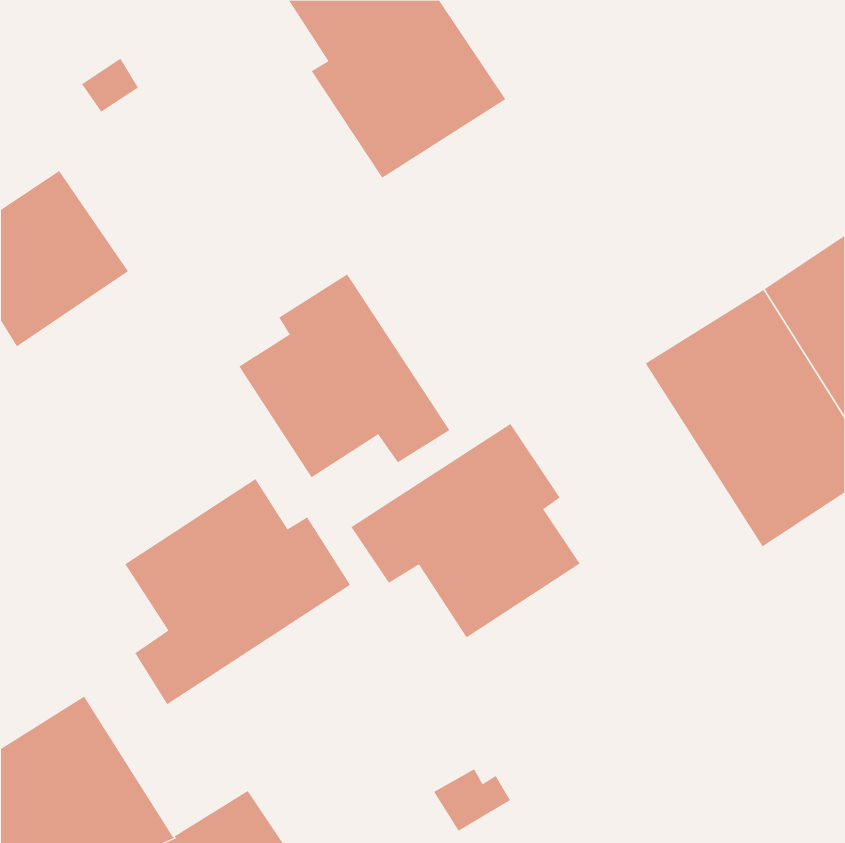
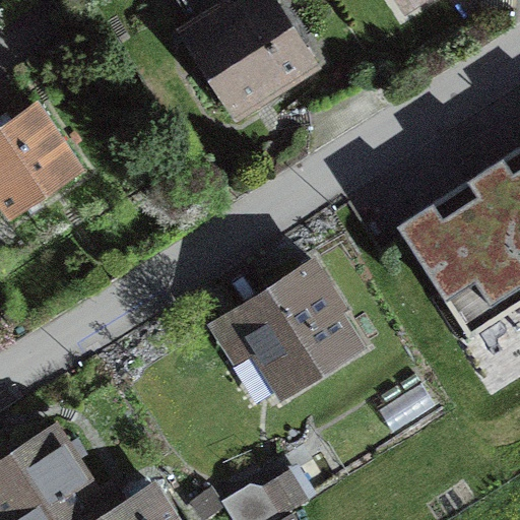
building: [238,273,450,478] -> none
building: [125,478,351,705] -> none

